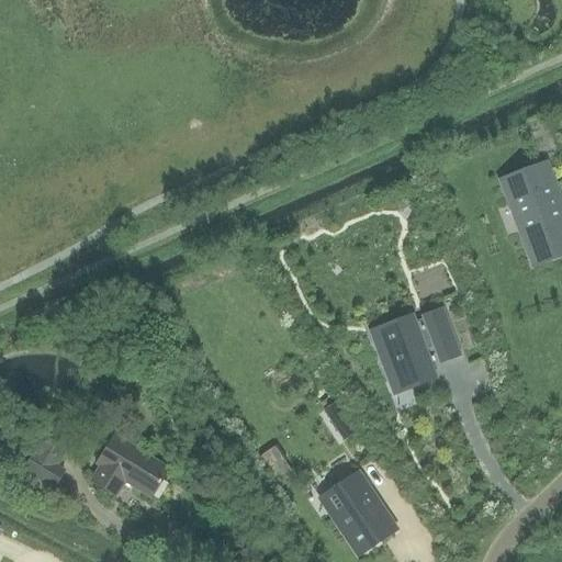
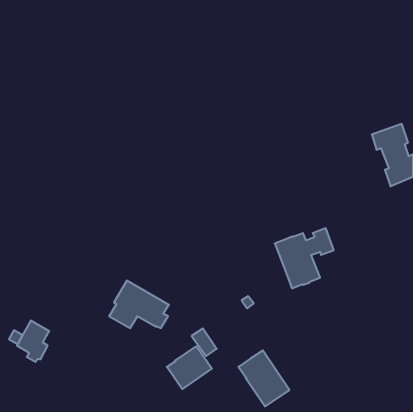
building: [88,434,169,498] -> [109,281,169,328]
building: none -> [167,346,212,389]

